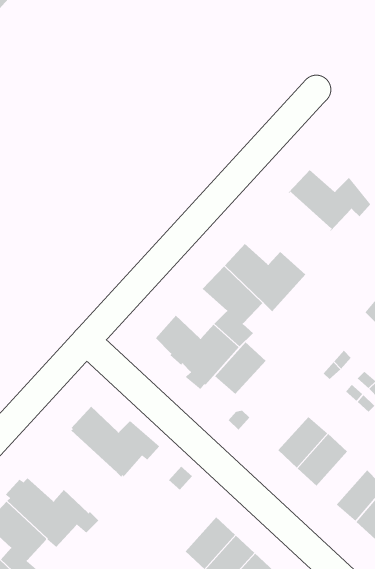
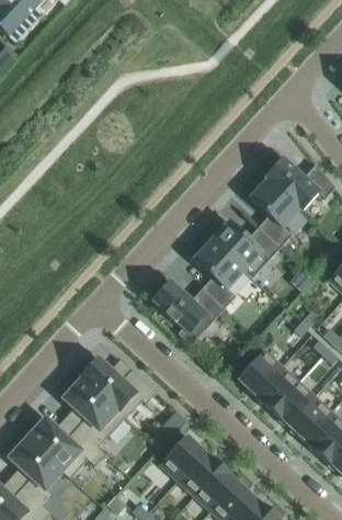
building: none -> [250,178,301,247]
building: [214,341,266,395] -> [239,350,283,395]
building: none -> [65,378,125,448]
building: none -> [289,396,332,441]
building: none -> [161,436,205,481]

